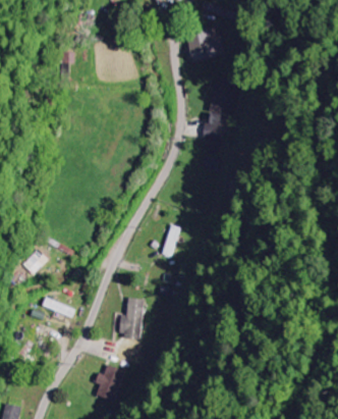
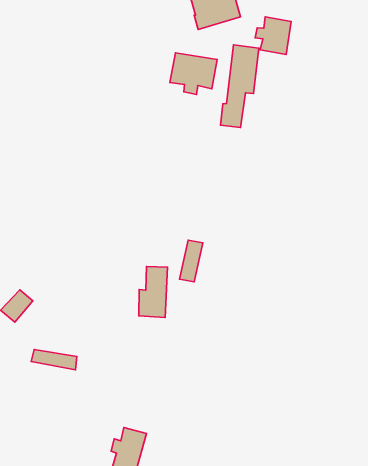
building: none -> [255,17,291,55]
building: none -> [170,53,217,94]
building: [119,298,145,338] -> [139,266,167,318]

